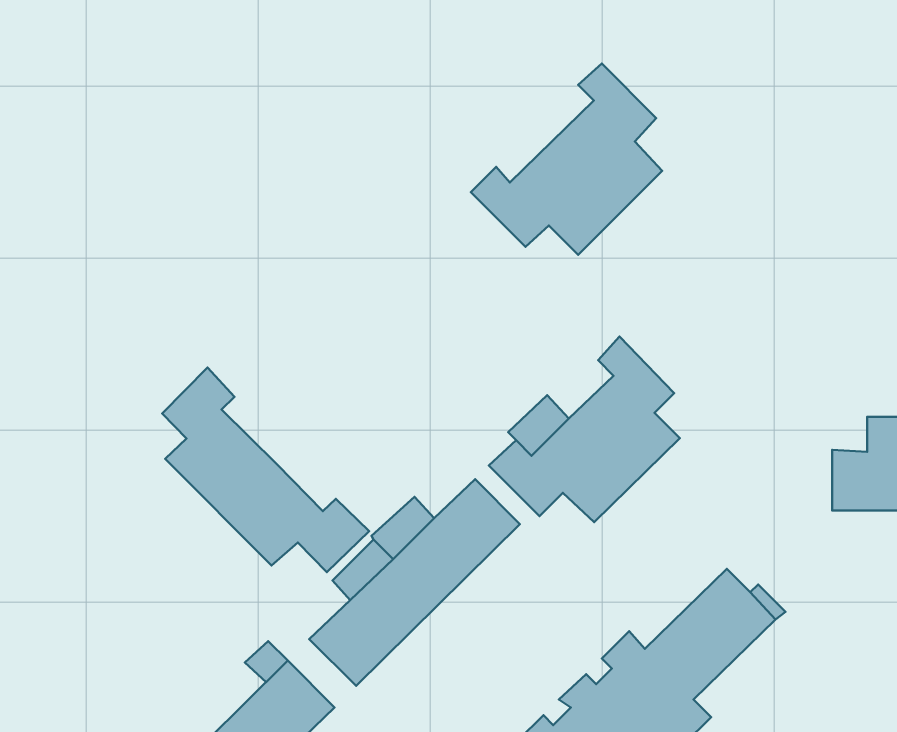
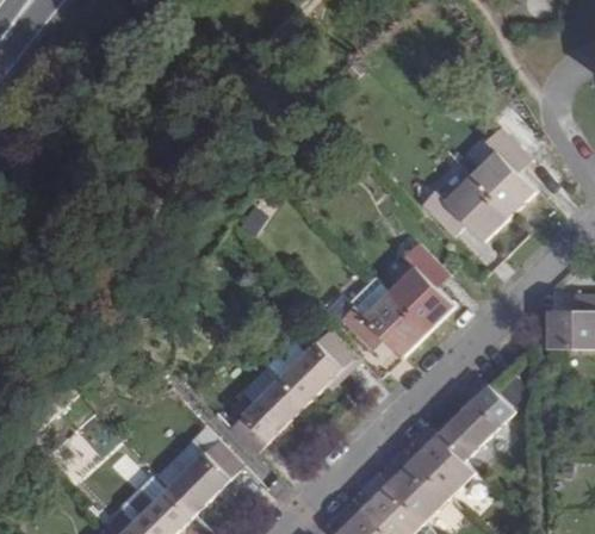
building: [471,63,662,255] -> [419,126,535,243]
building: [162,368,369,572] -> none

